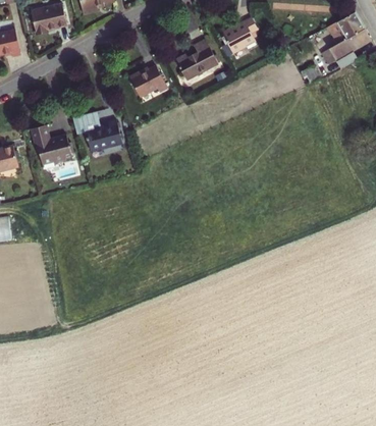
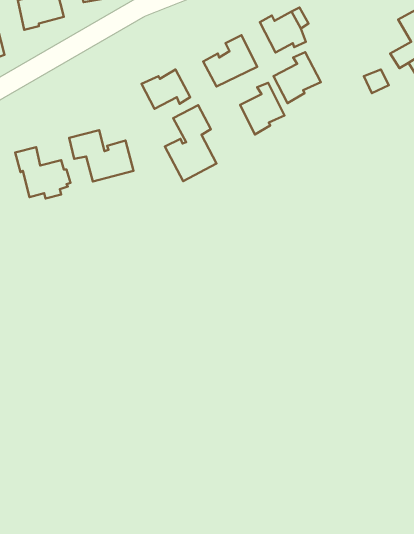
building: none -> [273,52,321,103]
building: none -> [240,83,285,134]
building: none -> [165,105,216,181]

